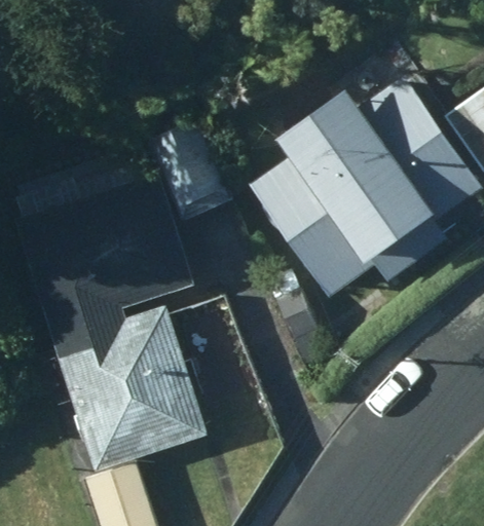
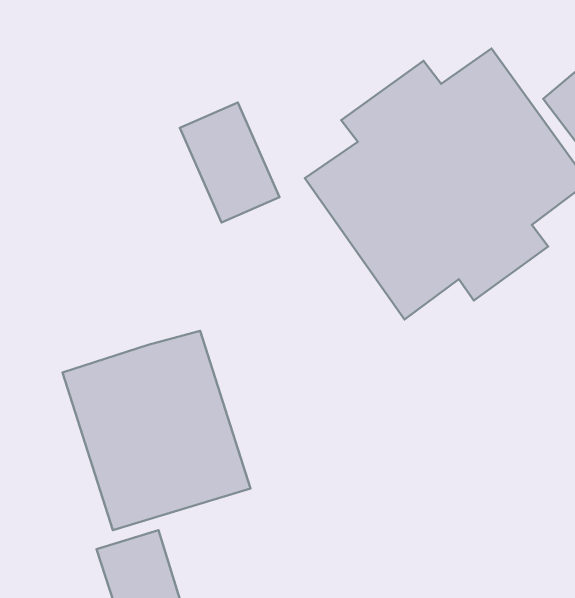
building: [14,174,189,341] -> none

